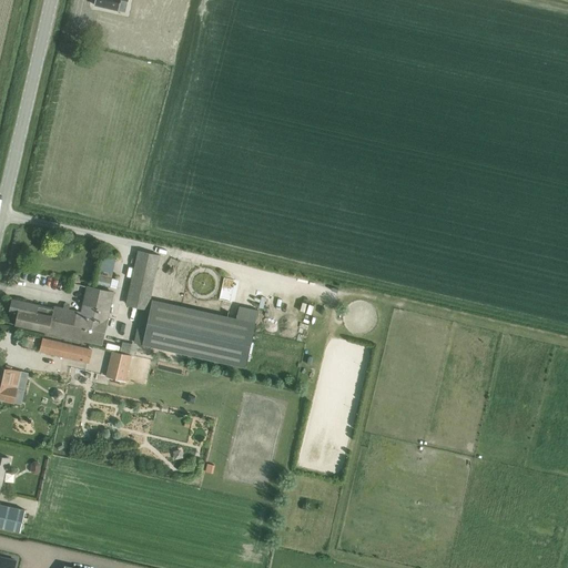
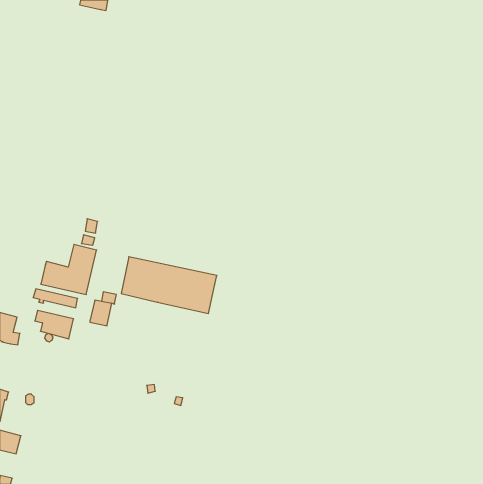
building: [125,251,160,310] -> none
building: [8,300,53,333] -> [35,310,74,339]

